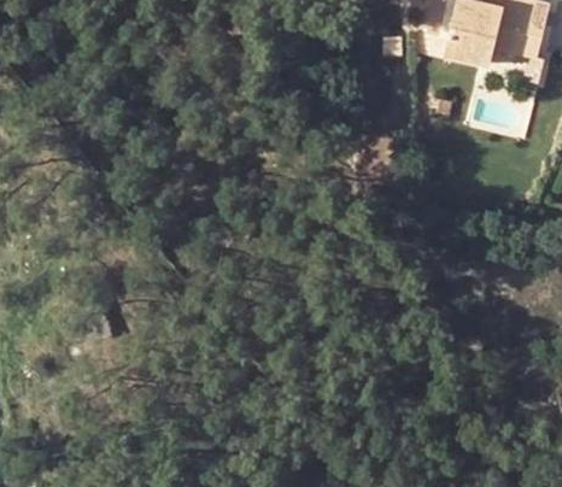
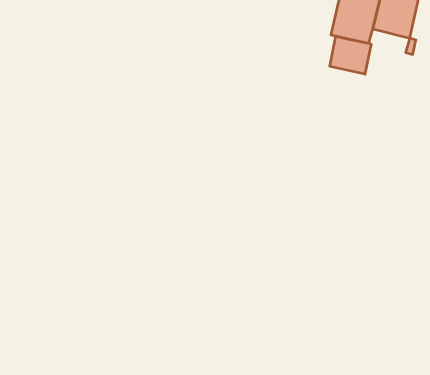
building: none -> [330,36,371,74]

